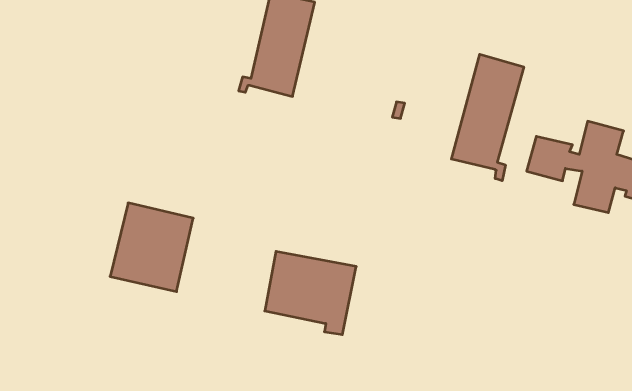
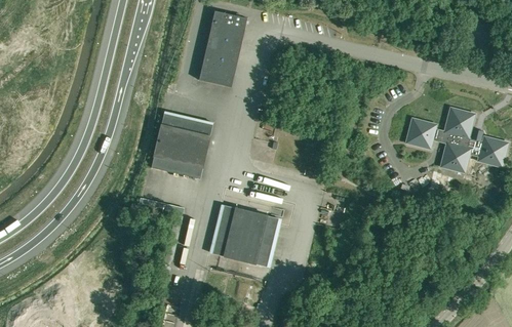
building: [451,54,524,181] -> none
building: [110,203,193,292] -> [151,113,212,178]

